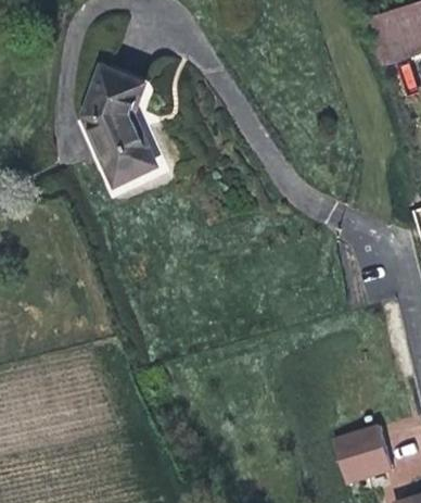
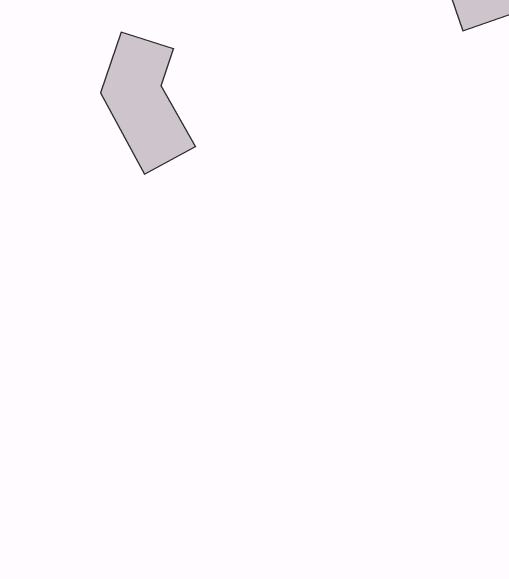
building: [333,429,394,488] -> none

